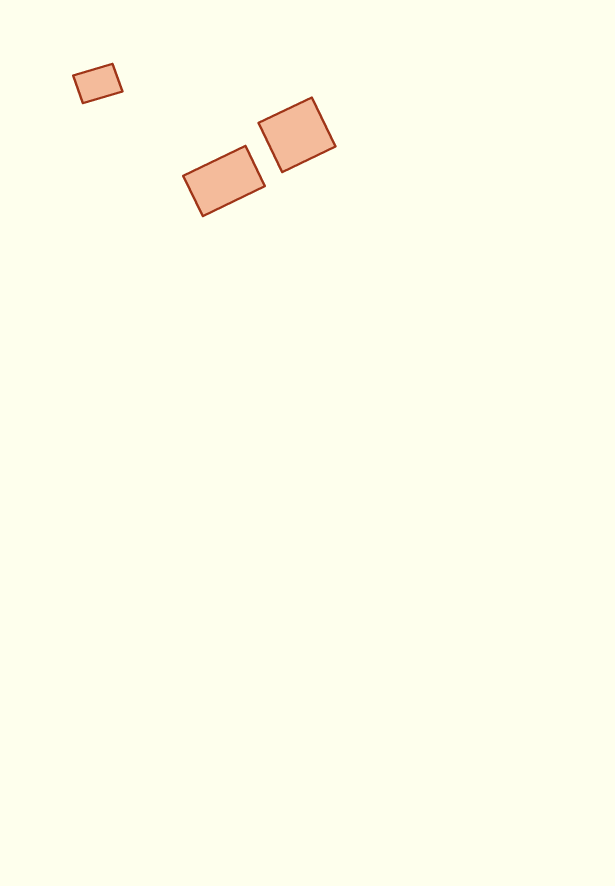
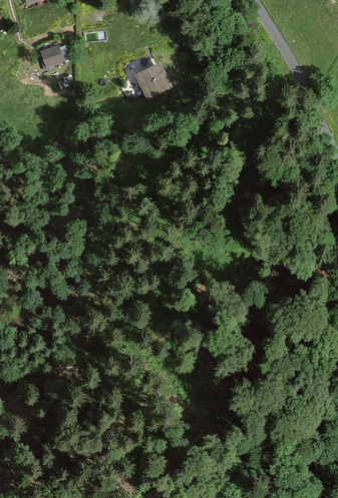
building: [183,146,265,216] -> none

